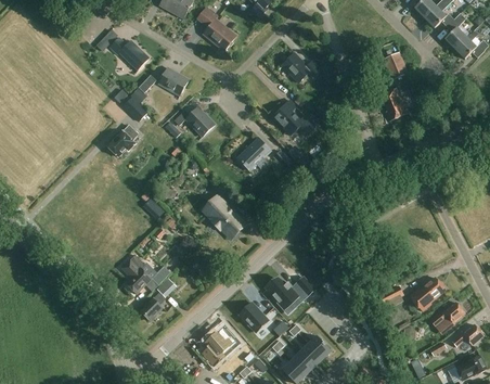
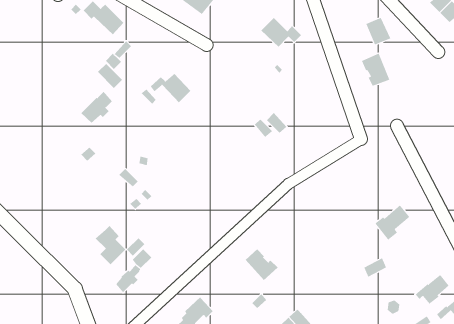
building: [158,67,188,94] -> none
building: [272,100,314,136] -> none
building: [236,138,271,170] -> none
building: [203,195,245,238] -> none
building: [410,277,444,311] -> [374,205,410,240]
building: [238,302,268,332] -> none

